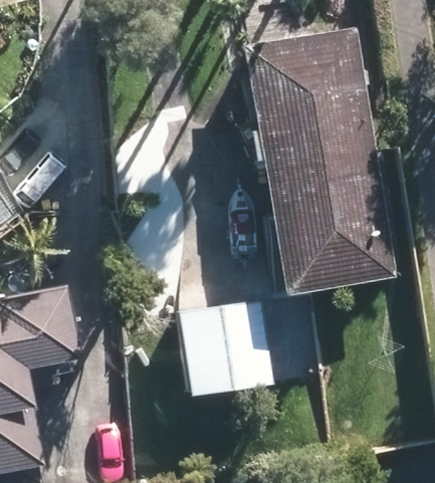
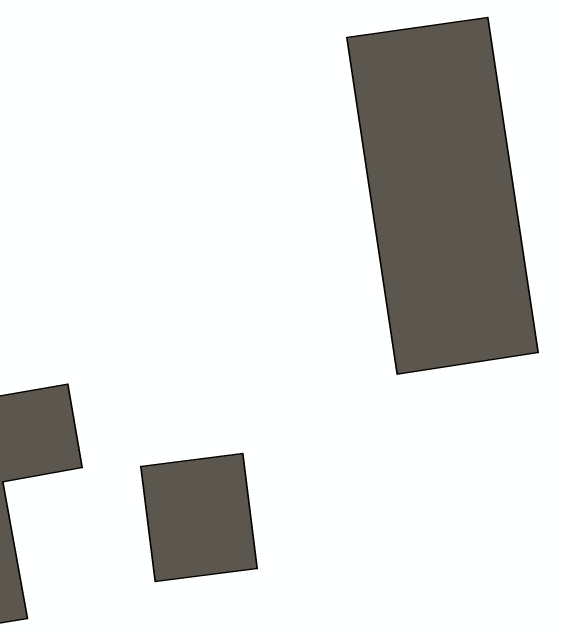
building: [186,307,267,397] -> [141,453,257,581]

